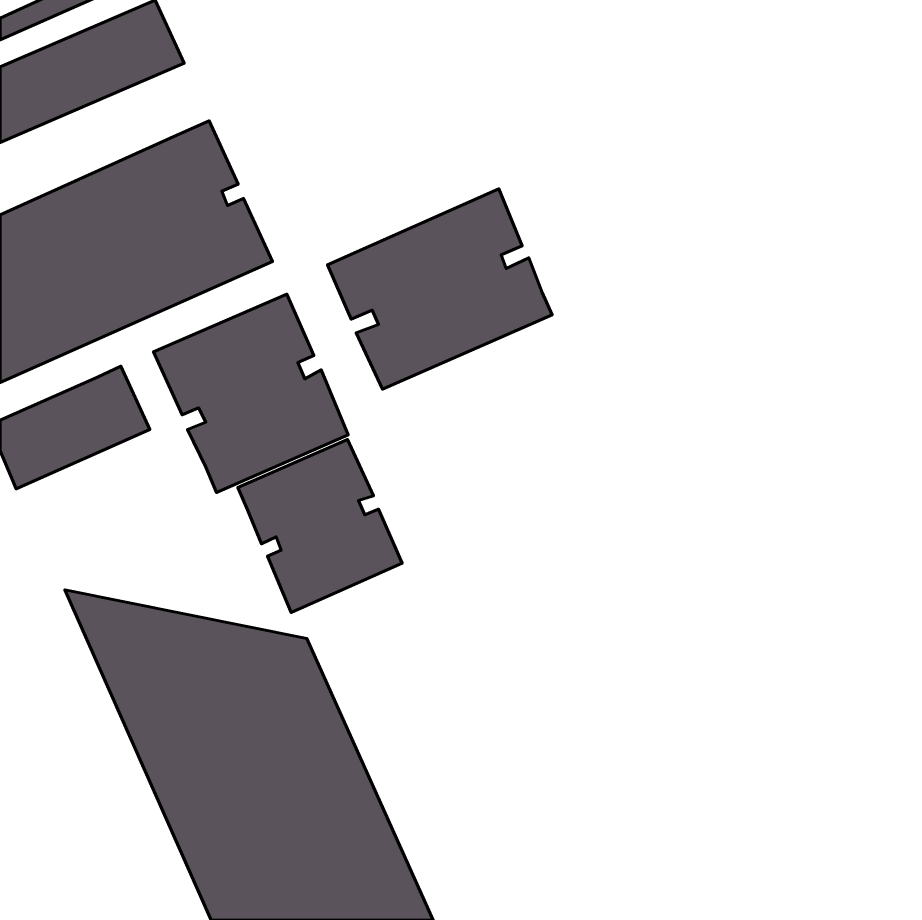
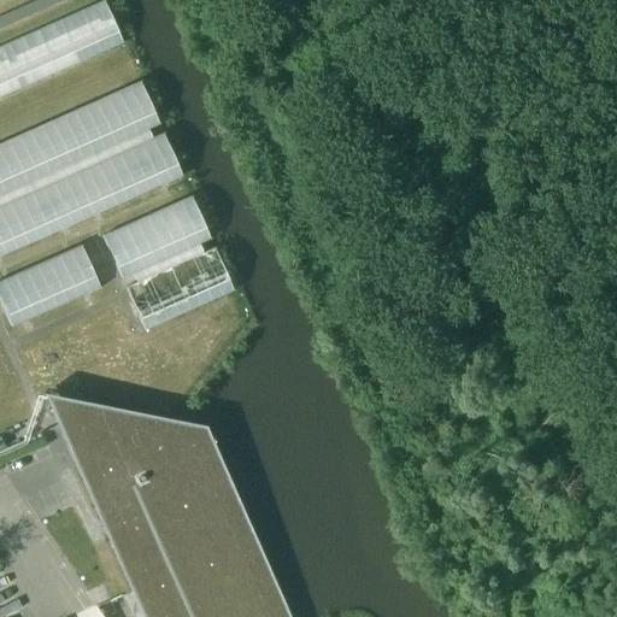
building: [328,189,552,389] -> none
building: [238,440,402,612] -> none

